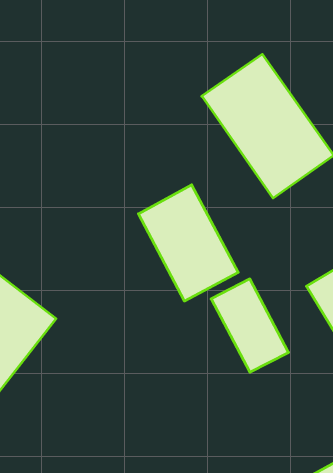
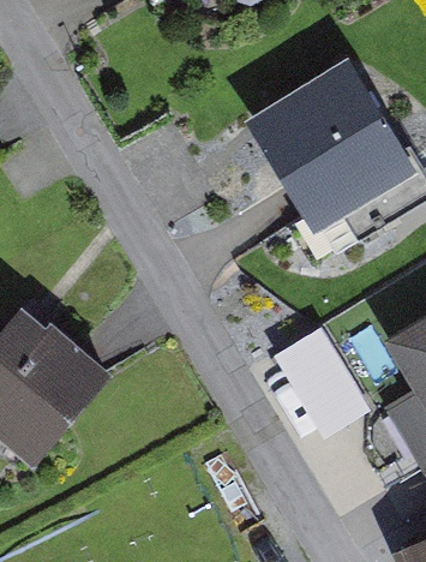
building: [138,185,238,301] -> none

